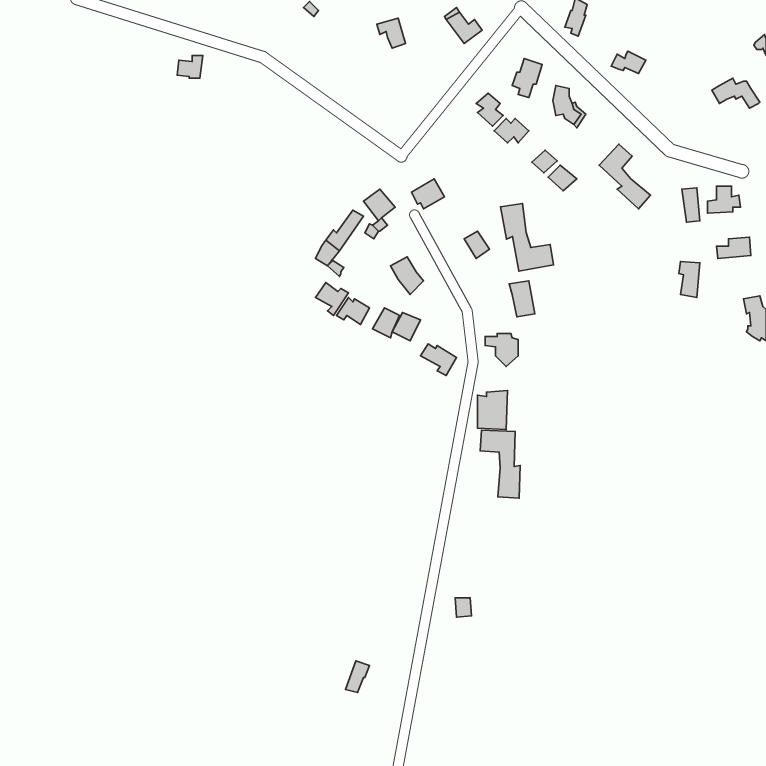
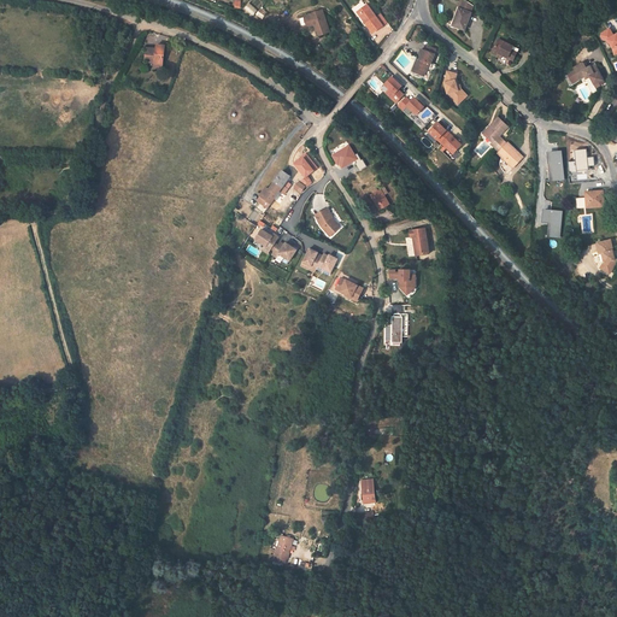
building: [501,203,553,271] -> none
building: [480,430,520,498] -> none

